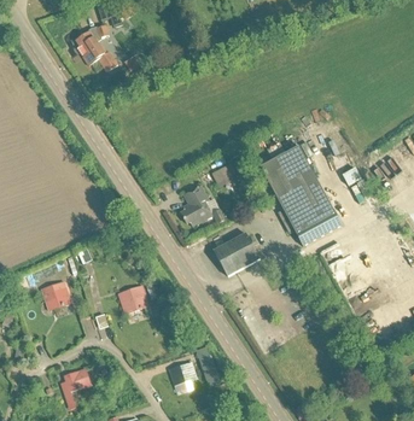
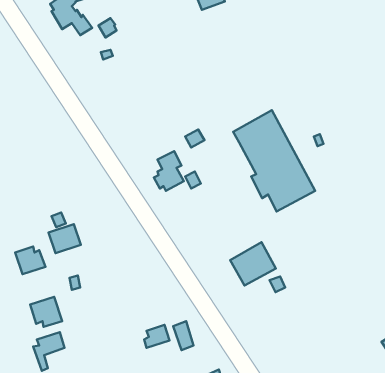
building: [215,233,261,276] -> [230,242,276,285]
building: [118,285,151,314] -> [48,224,81,253]
building: none -> [30,297,62,327]

